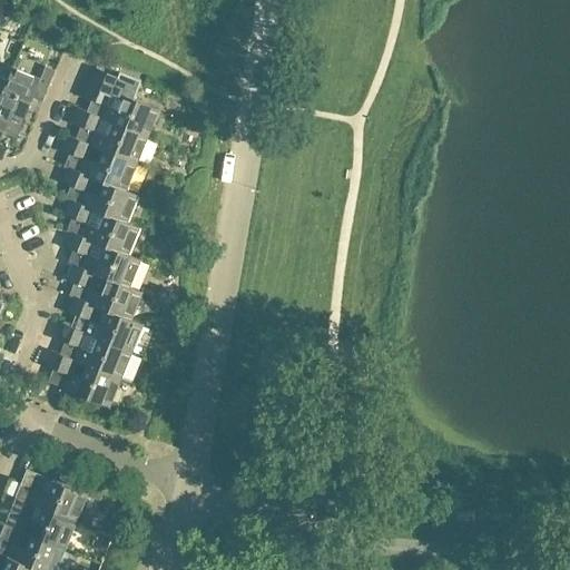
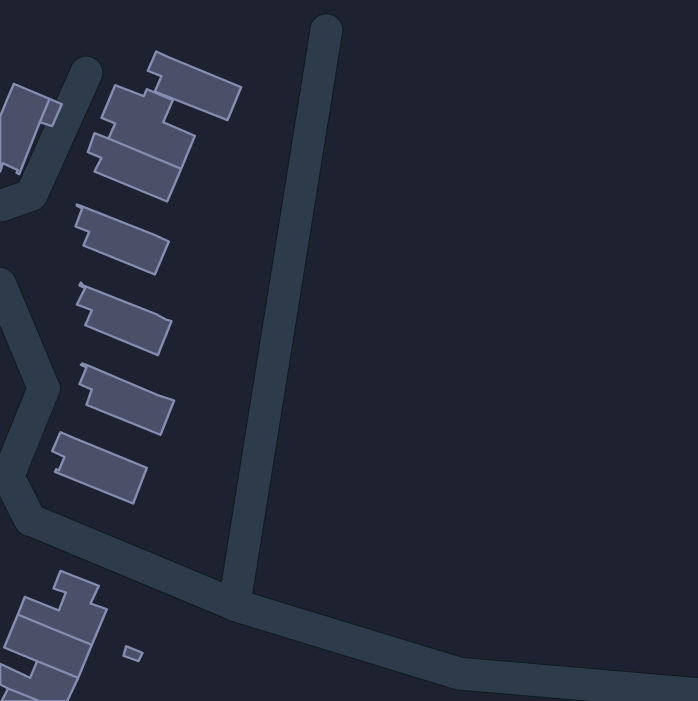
building: [62,135,138,190] -> [148,52,241,120]
building: [65,197,140,255] -> none
building: [66,263,141,321] -> none
building: [56,324,132,380] -> none

